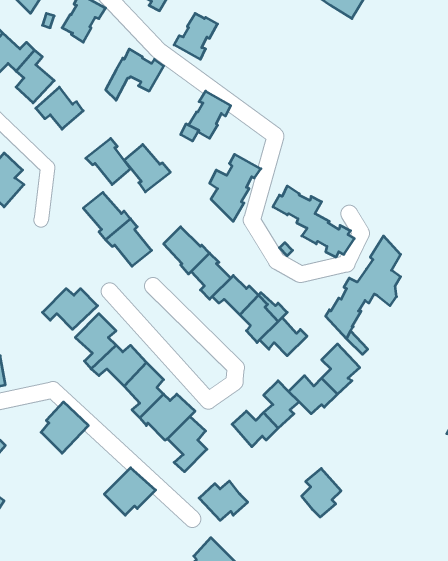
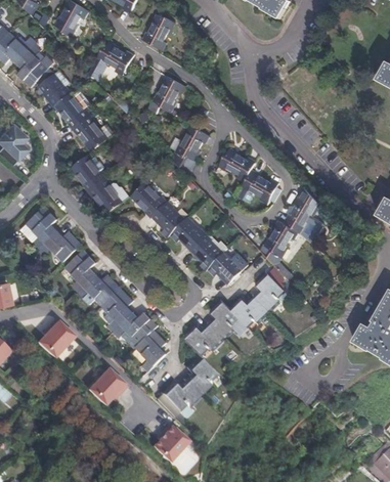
building: [124,144,170,192] -> [56,91,92,128]
building: none -> [27,206,57,248]
building: [302,468,341,517] -> [184,357,215,395]

